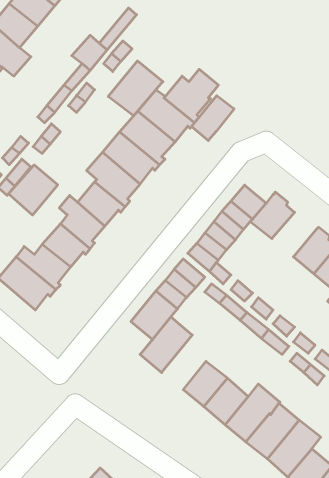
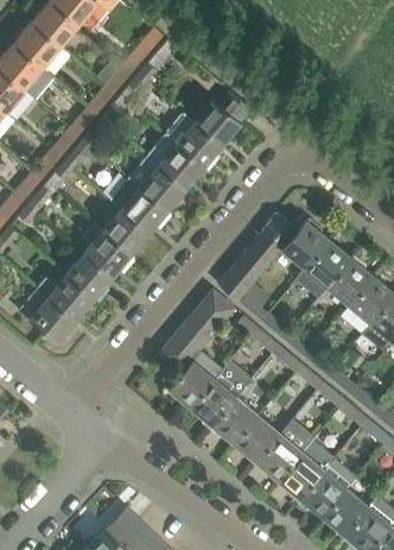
building: [108,61,163,116] -> none
building: [192,96,234,141] -> none
building: [8,165,58,215] -> none
building: none -> [299,241,351,295]
building: none -> [190,360,253,426]

